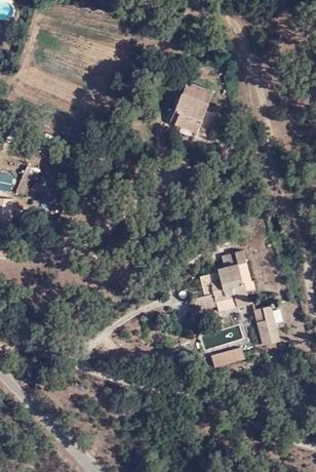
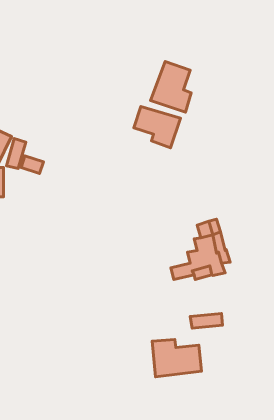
building: none -> [134,106,180,148]
building: [253,306,279,347] -> none
building: none -> [152,340,202,377]

